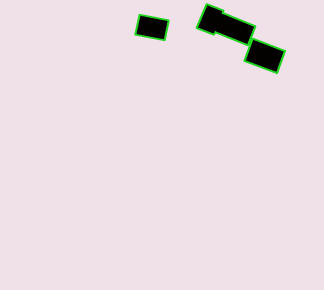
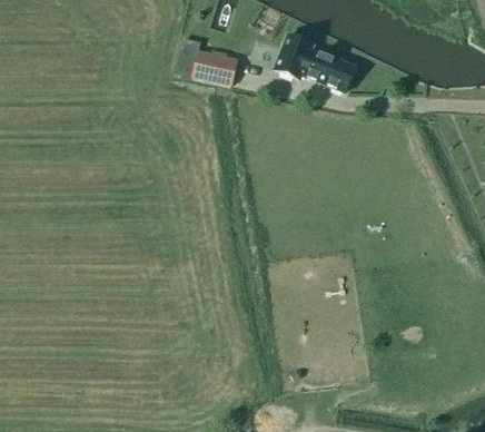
building: [245,39,285,73] -> none

